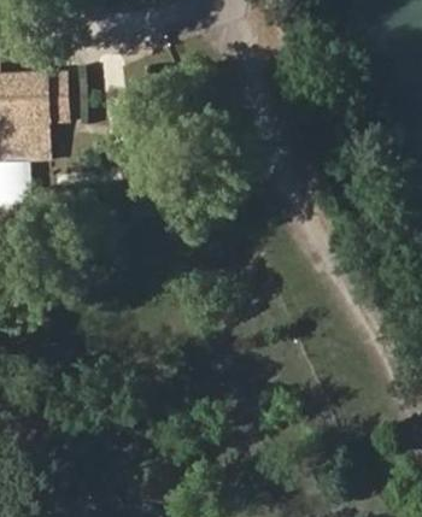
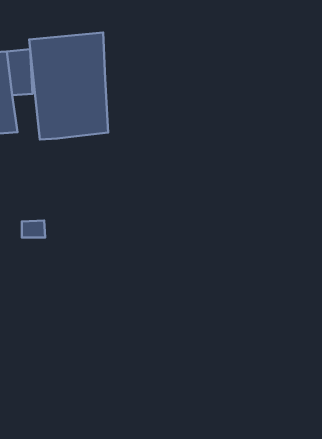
building: none -> [29,33,108,139]

